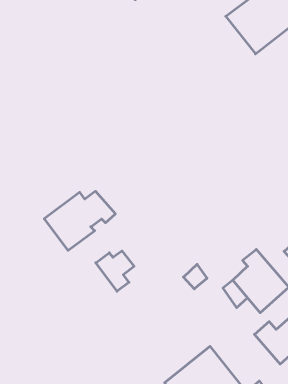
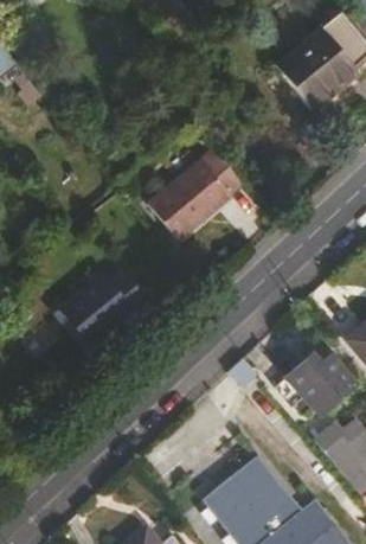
building: none -> [153,151,248,241]
building: [96,251,134,291] -> none

